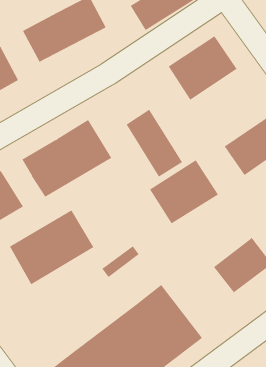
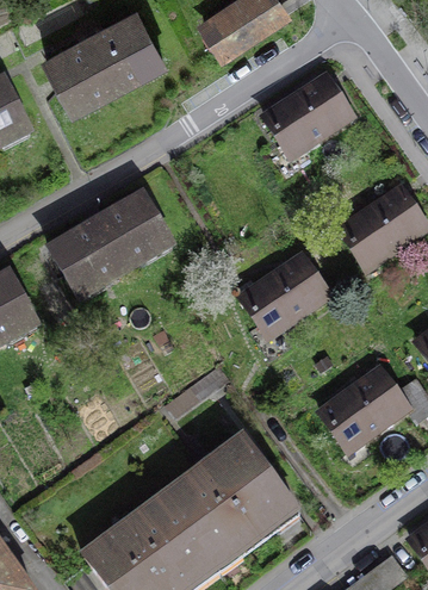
building: [126,109,183,177] -> none
building: [9,210,94,285] -> none

